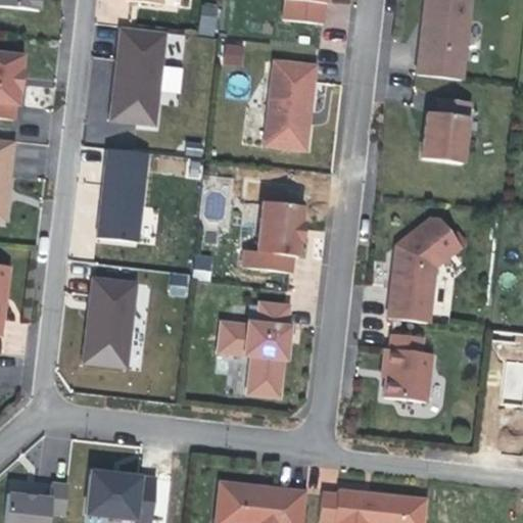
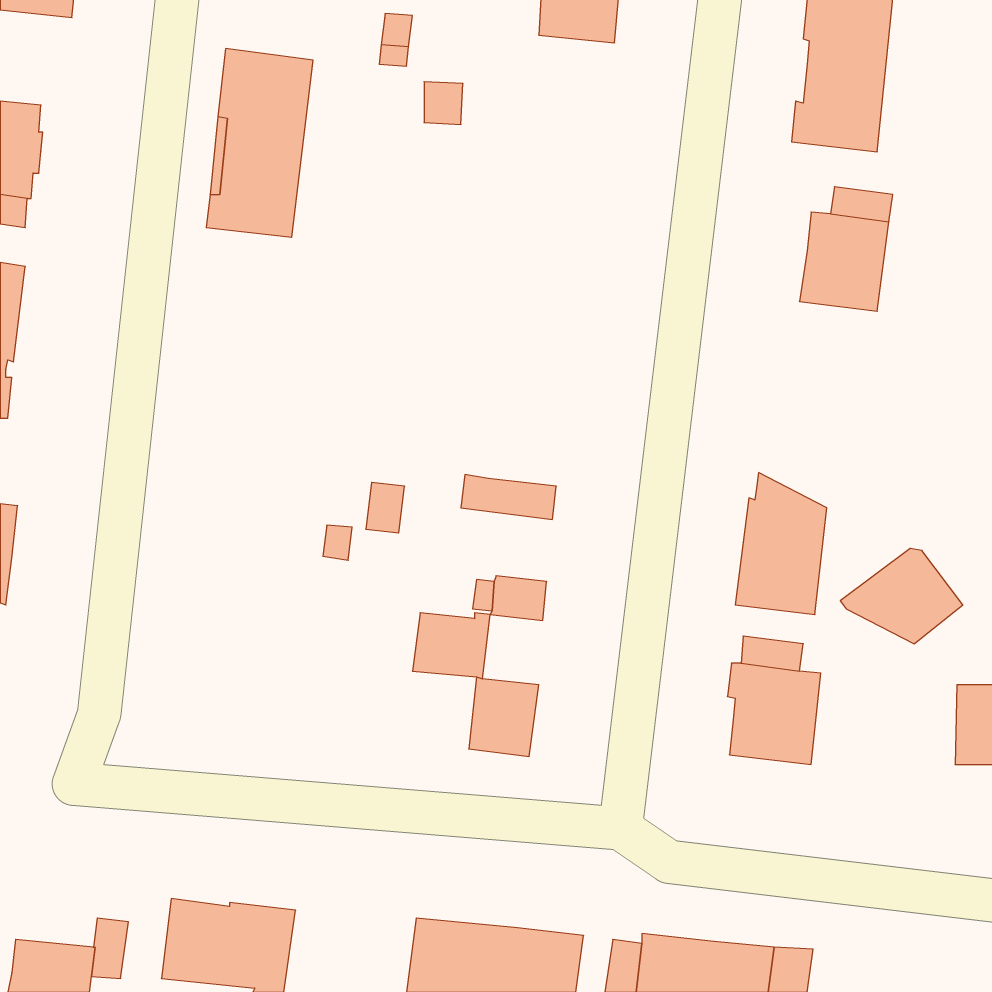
building: [264,59,317,151] -> none
building: [97,148,147,242] -> none
building: [257,201,303,256] -> none
building: [396,217,461,267] -> [840,548,963,644]
building: [82,278,136,369] -> none
building: [254,323,288,360] -> none

